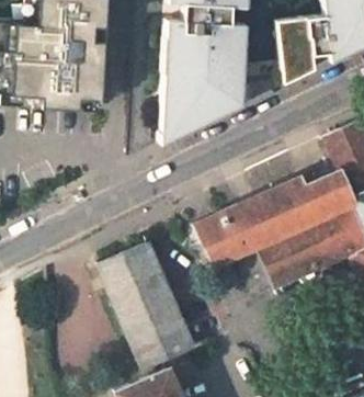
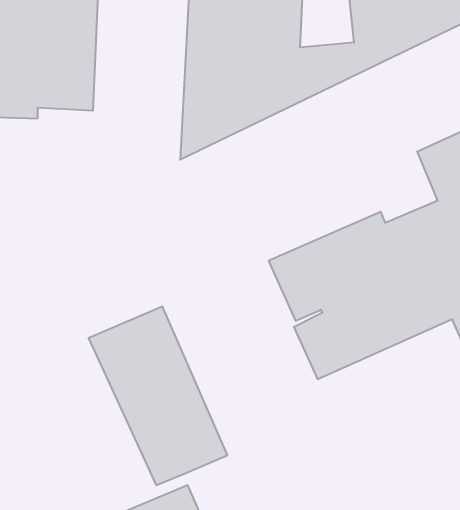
building: [196,211,242,264] -> none

